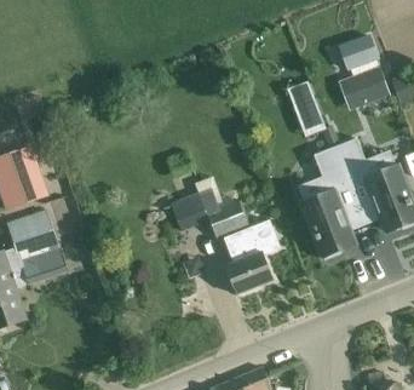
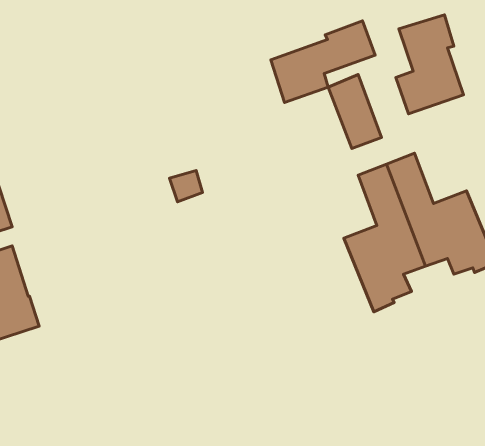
building: none -> [271,21,375,102]
building: [169,187,281,293] -> none

